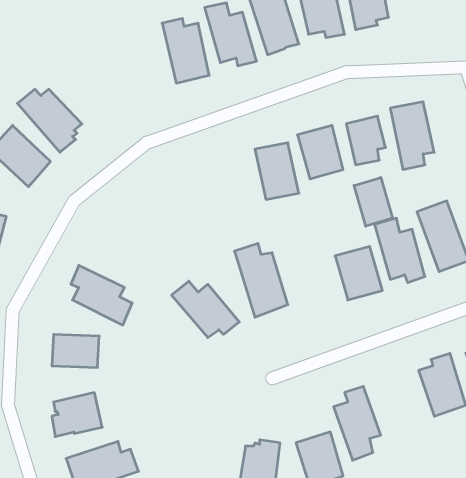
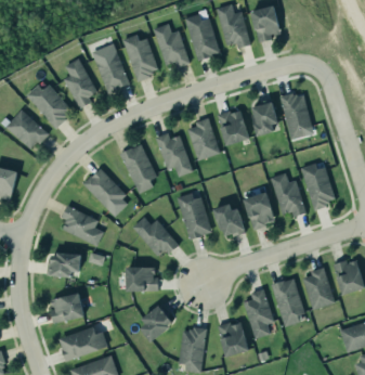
building: none -> [92,43,130,92]
building: none -> [63,57,97,108]
building: none -> [156,132,193,177]
building: none -> [122,144,157,193]
building: [354,177,392,226] -> none
building: none -> [81,167,127,216]
building: none -> [211,203,245,236]
building: none -> [125,267,158,290]
building: none -> [270,277,303,325]
building: none -> [139,305,170,341]

